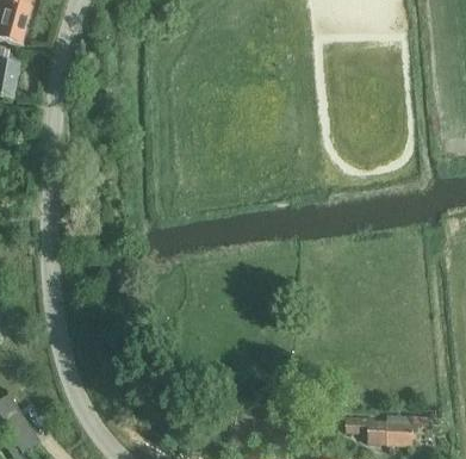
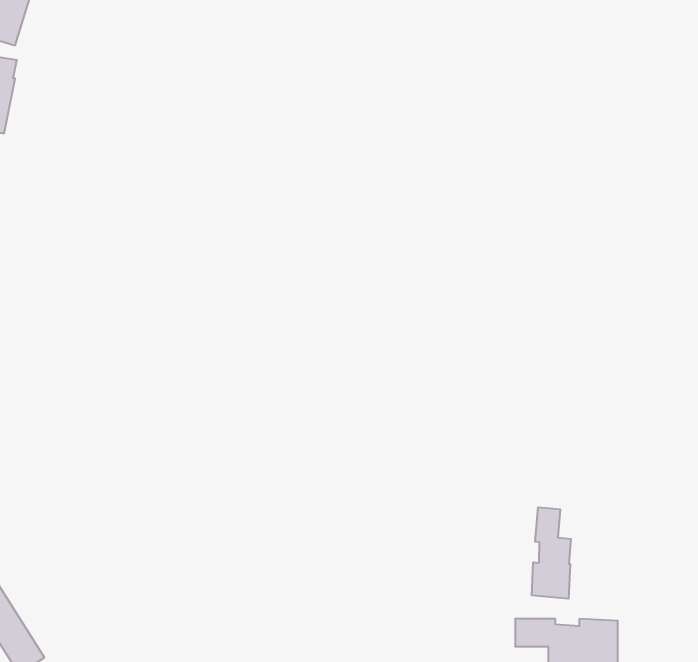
building: none -> [532,507,571,599]

